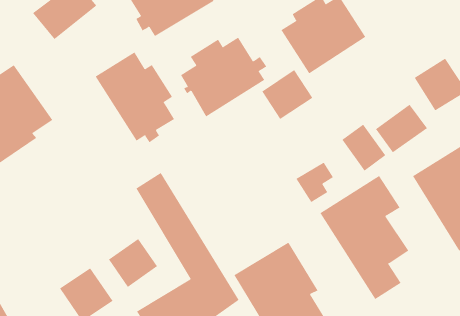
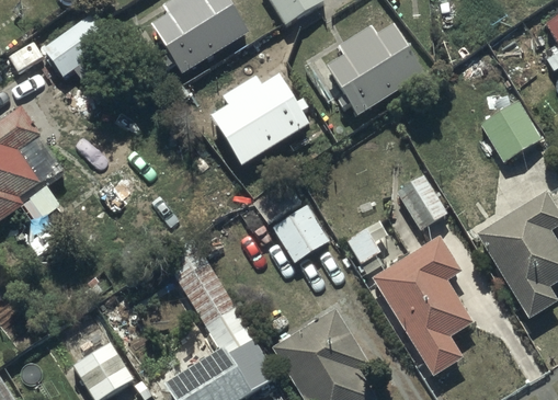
building: [95,52,175,143] -> none
building: [262,69,313,120] -> none
building: [375,104,428,153] -> none
building: none -> [272,201,330,260]
building: [108,238,158,288] -> none

